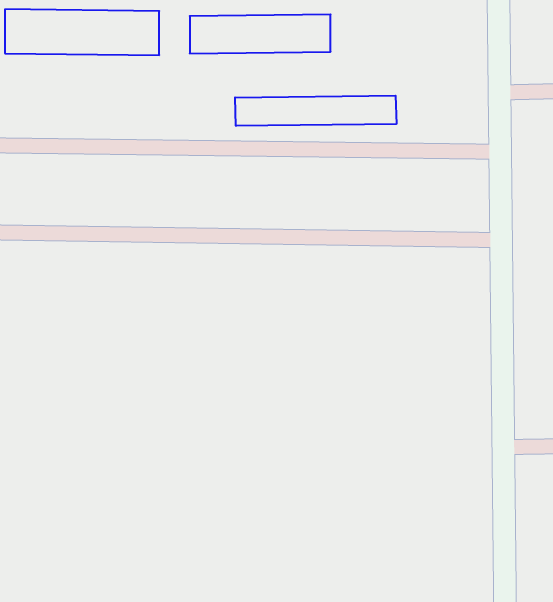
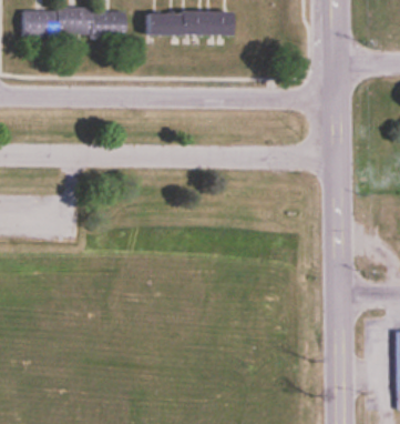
building: [235,96,396,126] -> none

